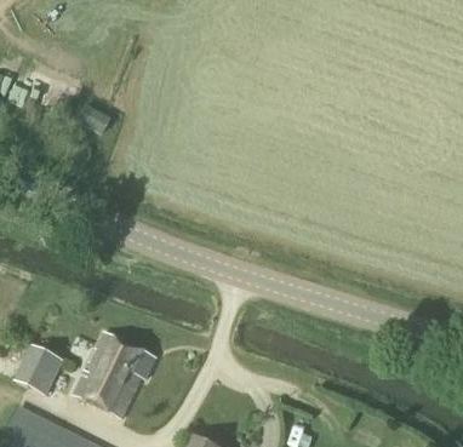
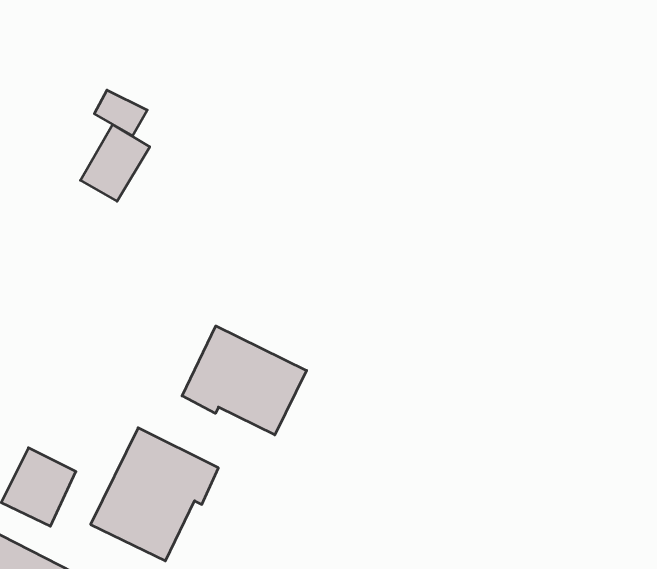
building: none -> [80,124,150,201]
building: none -> [182,326,307,435]

